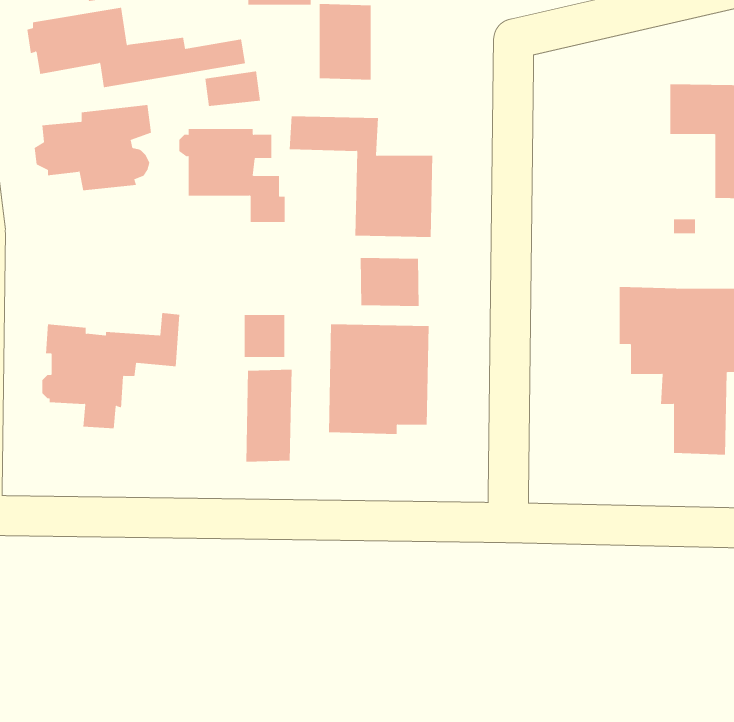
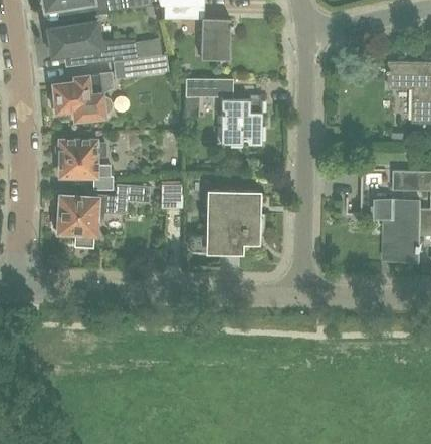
building: [179,129,285,222] -> [54,141,112,191]
building: [360,257,419,307] -> none
building: [246,369,292,463] -> none

